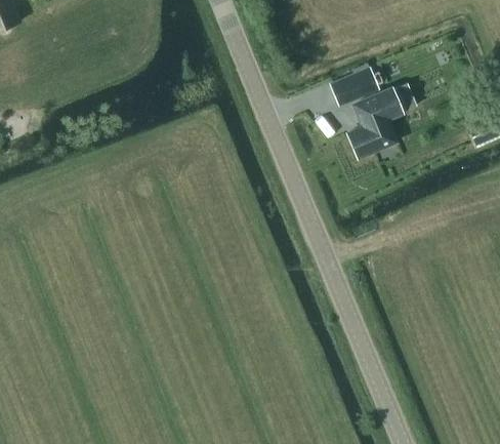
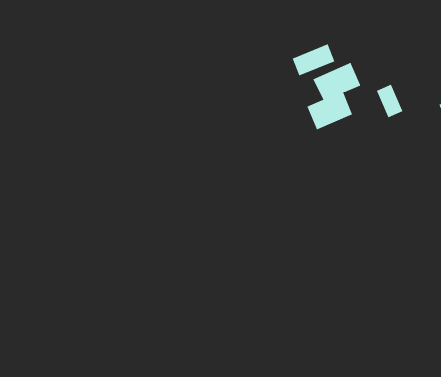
building: none -> [376,84,403,118]

